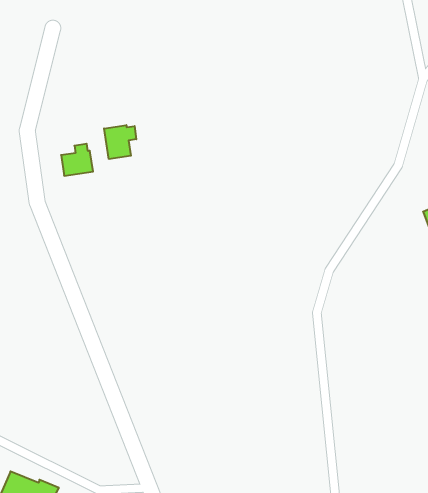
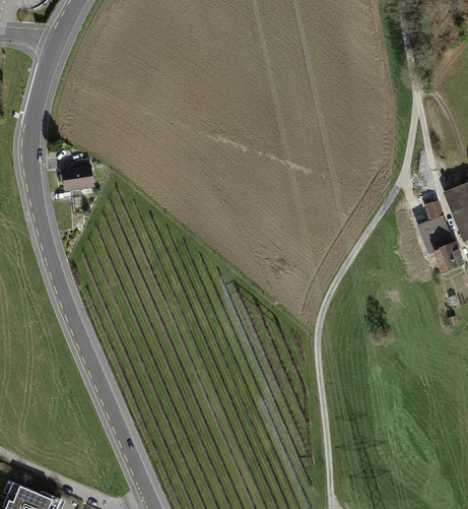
building: [104,125,136,159] -> none

